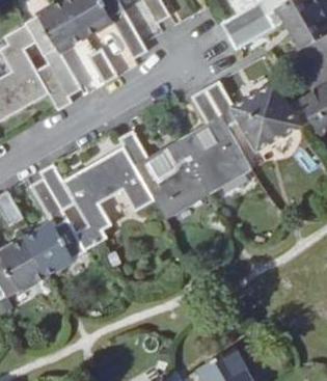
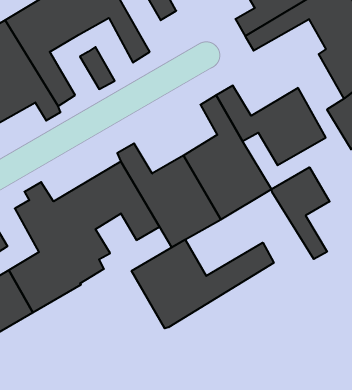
building: none -> [272,167,330,259]
building: none -> [132,239,274,328]

